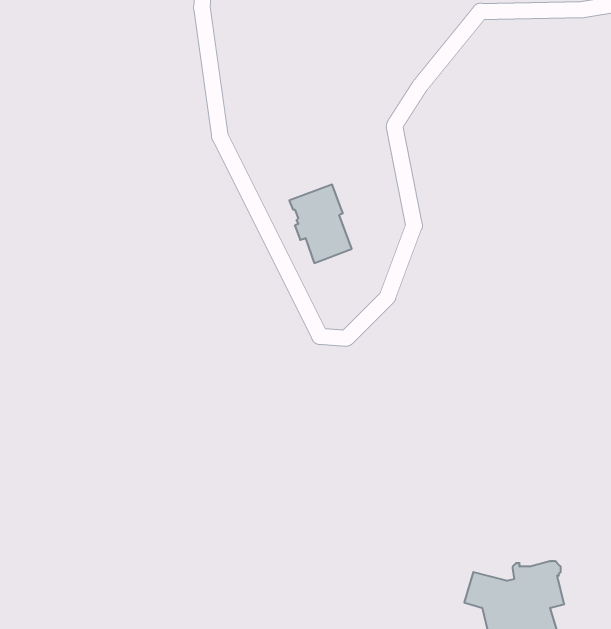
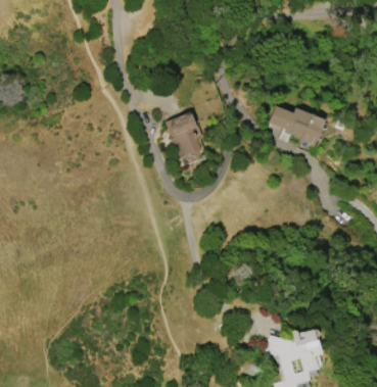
building: none -> [270,105,325,147]

